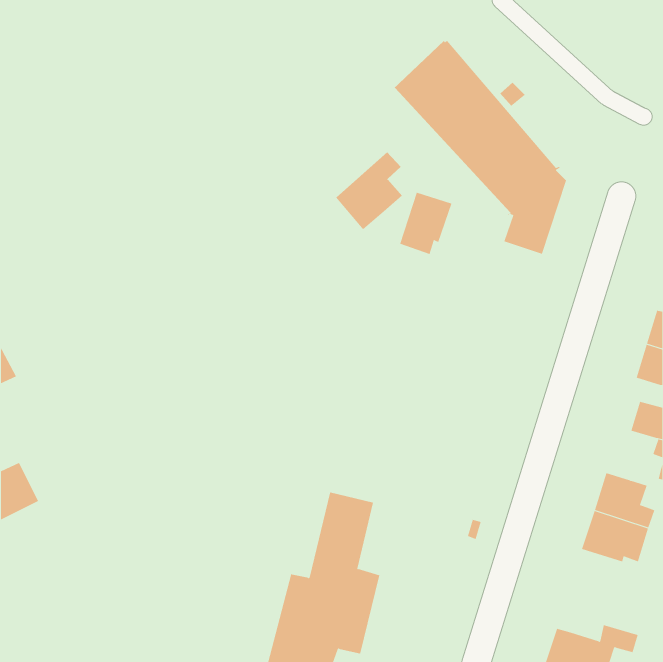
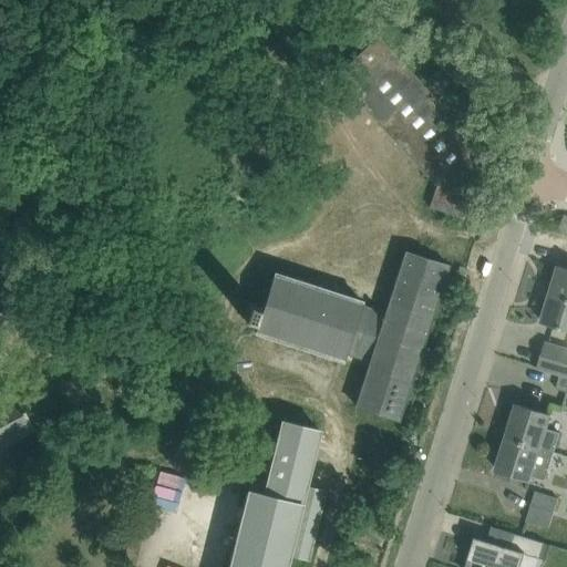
building: [335,151,403,230] -> none
building: [399,192,452,255] -> none
building: none -> [256,252,449,420]
building: none -> [526,492,559,529]

